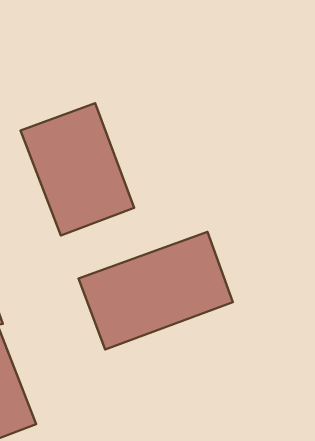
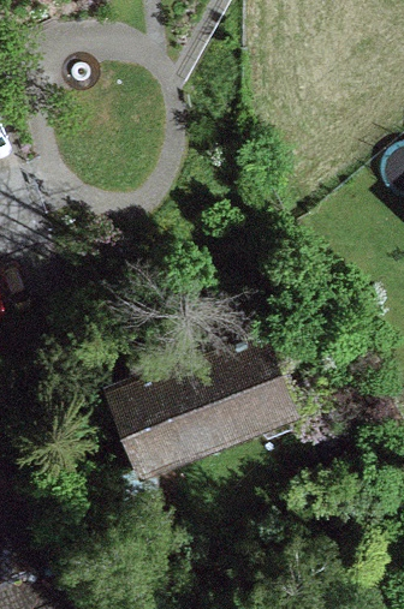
building: [21,103,134,235] -> none

